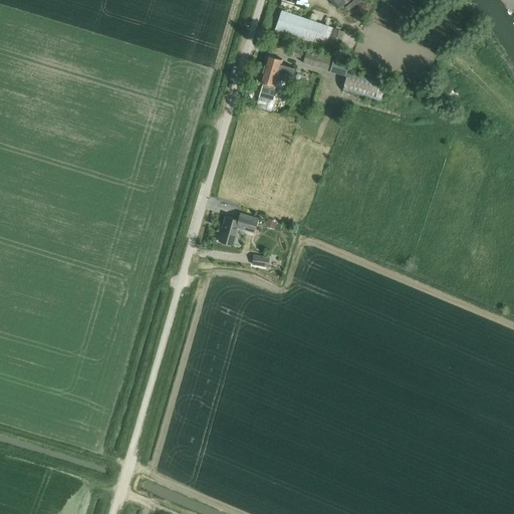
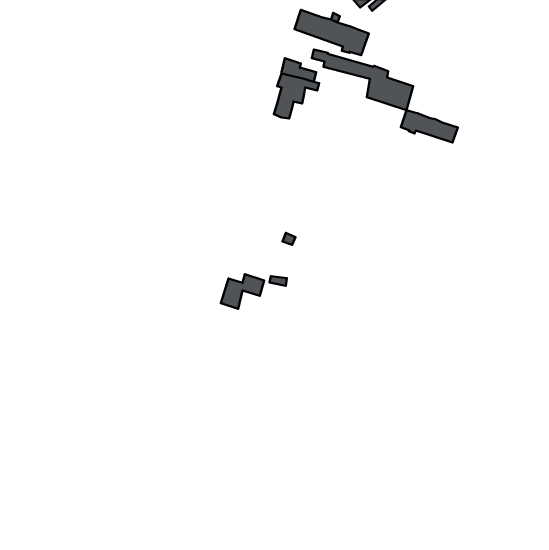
building: none -> [401,110,458,143]
building: [217,212,257,244] -> [221,274,264,309]

